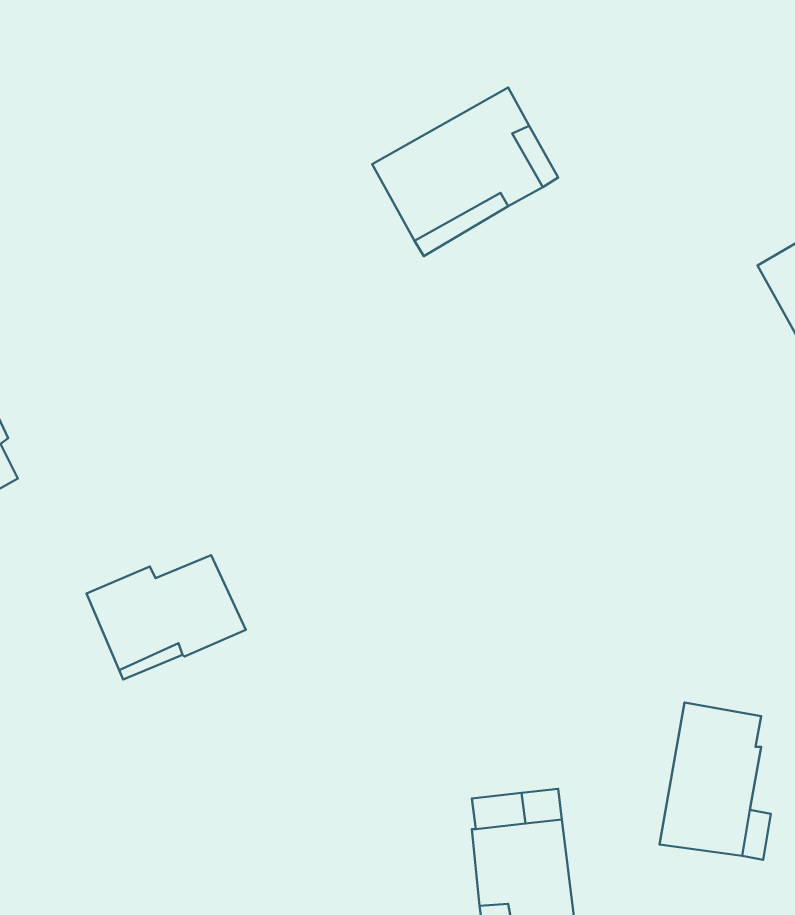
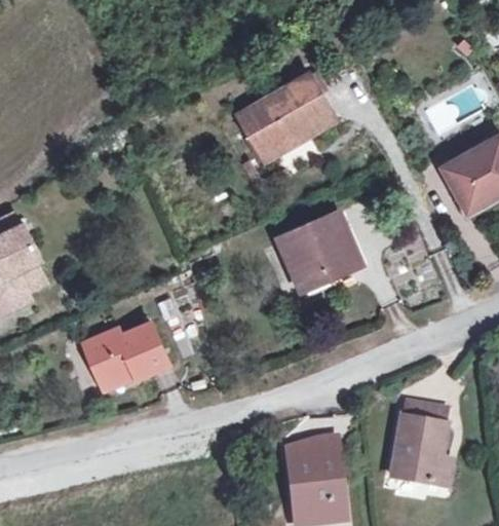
building: none -> [279,214,359,297]

